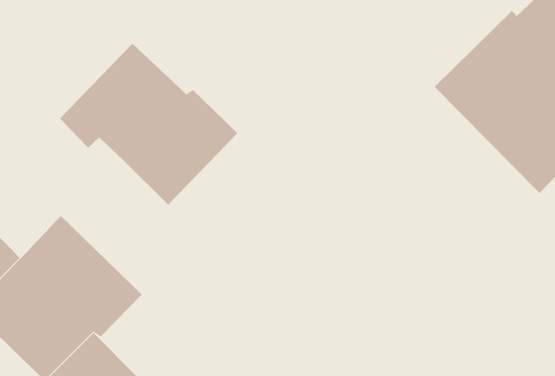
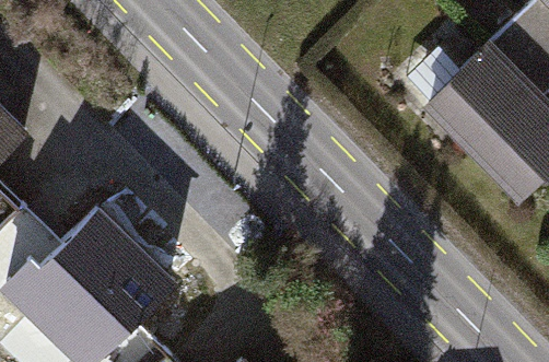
building: [59,43,238,206] -> none

